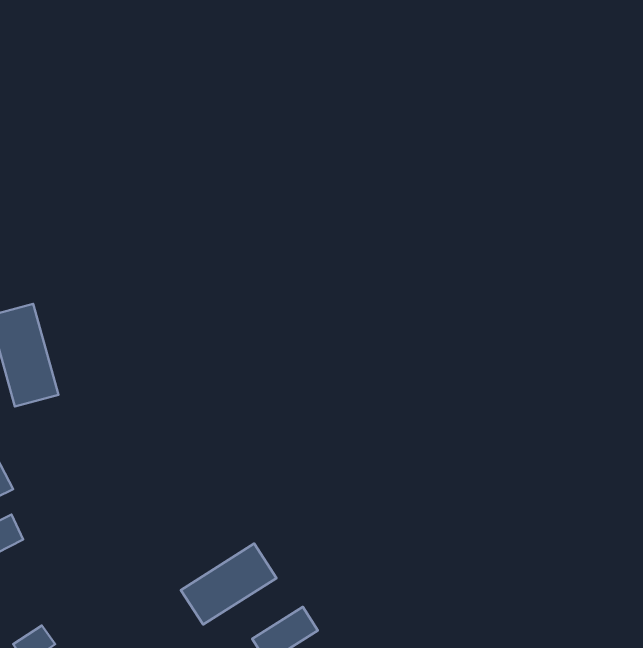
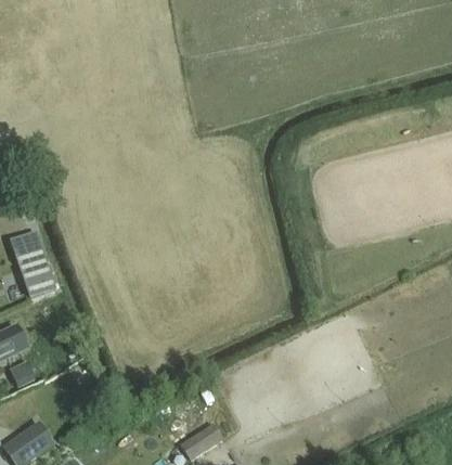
building: [181,544,276,625] -> none

